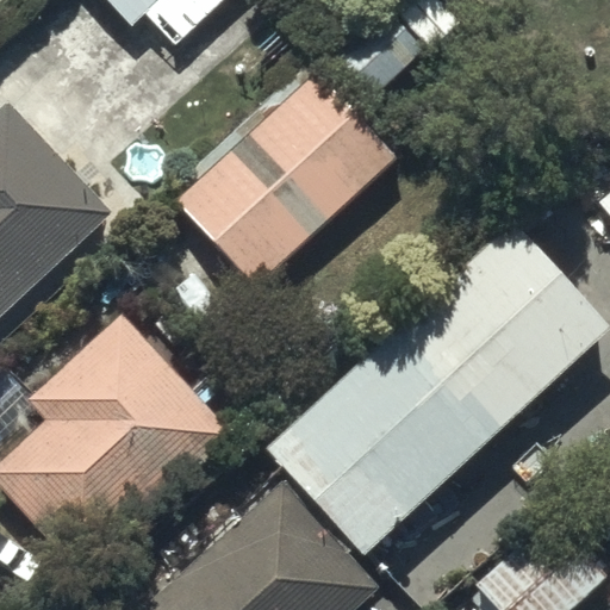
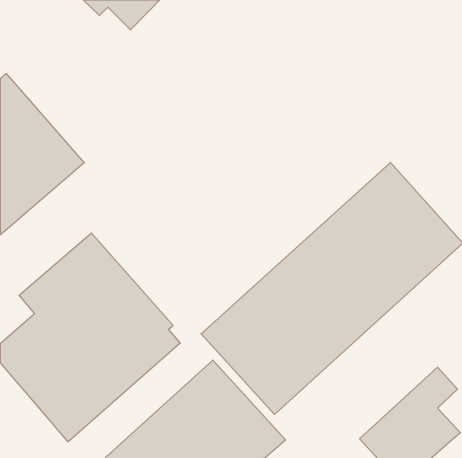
building: [176,74,393,285] -> none

